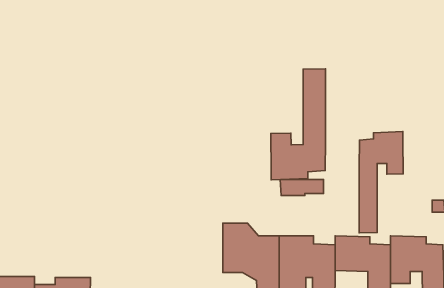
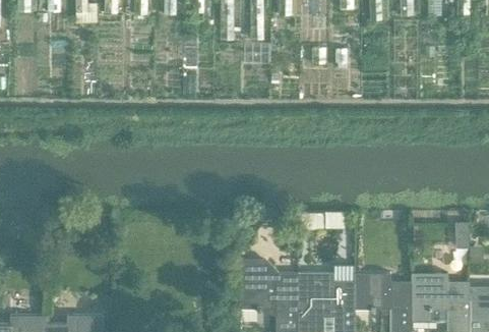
building: [271,69,326,180] -> none
building: [359,131,403,233] -> none

